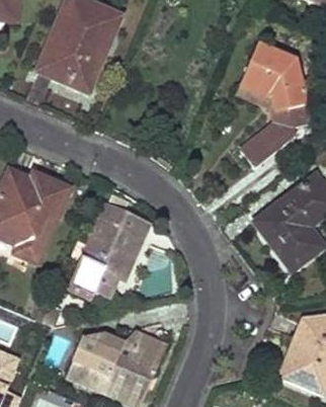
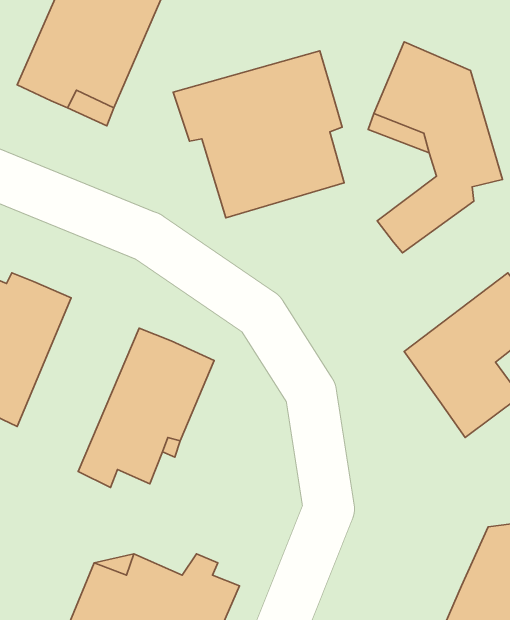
building: none -> [173,51,344,218]

